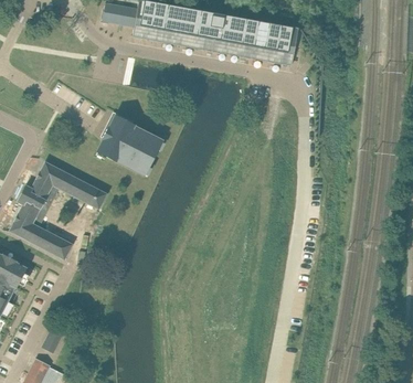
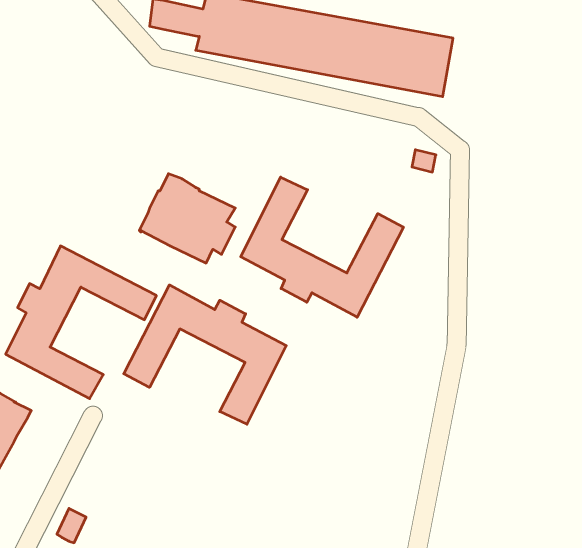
building: none -> [241,177,403,317]
building: none -> [124,285,286,424]

